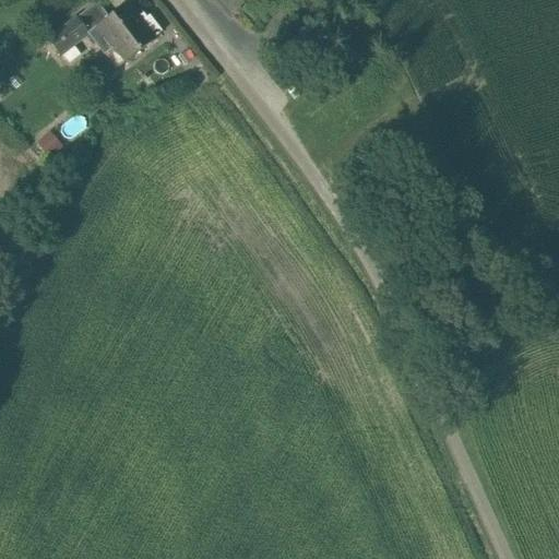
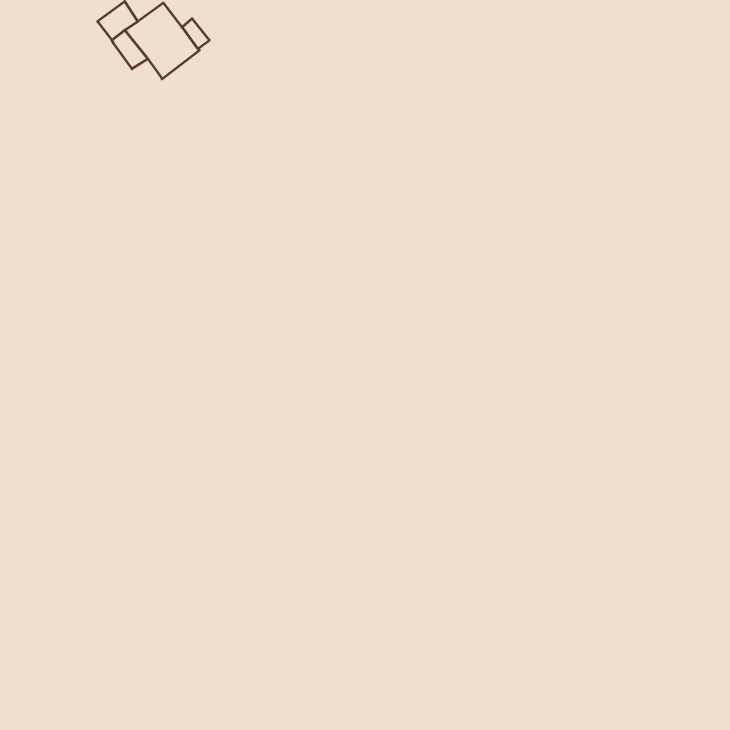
building: [46,16,86,53] -> none

